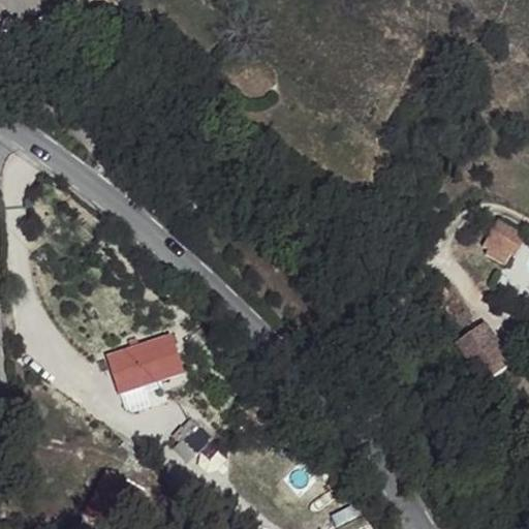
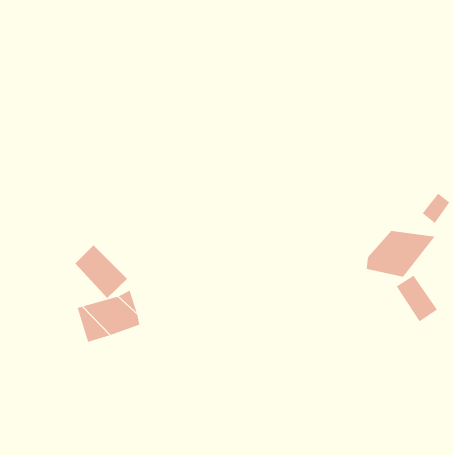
building: none -> [366,230,436,277]
building: none -> [74,245,128,299]

